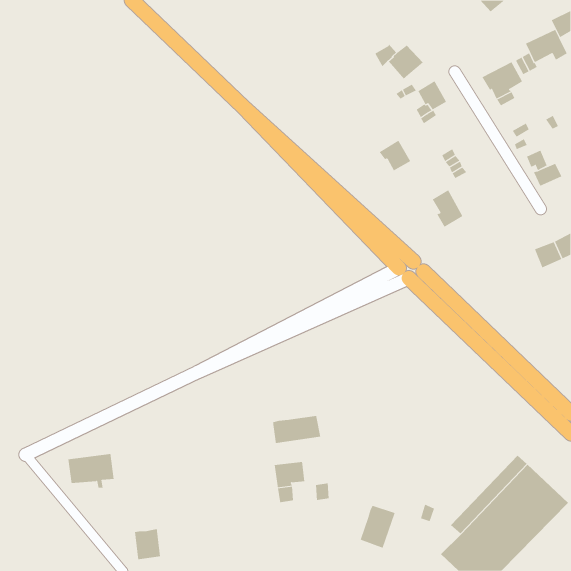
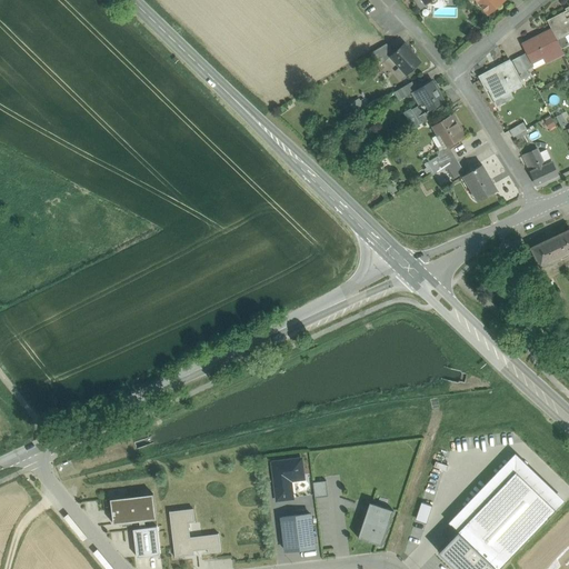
building: [379,140,411,171] -> [432,114,465,146]
building: [432,189,463,227] -> [466,163,497,201]
building: [273,415,321,444] -> none
building: [68,453,115,488] -> [110,493,157,528]
building: none -> [169,509,221,557]
building: none -> [281,513,315,550]

